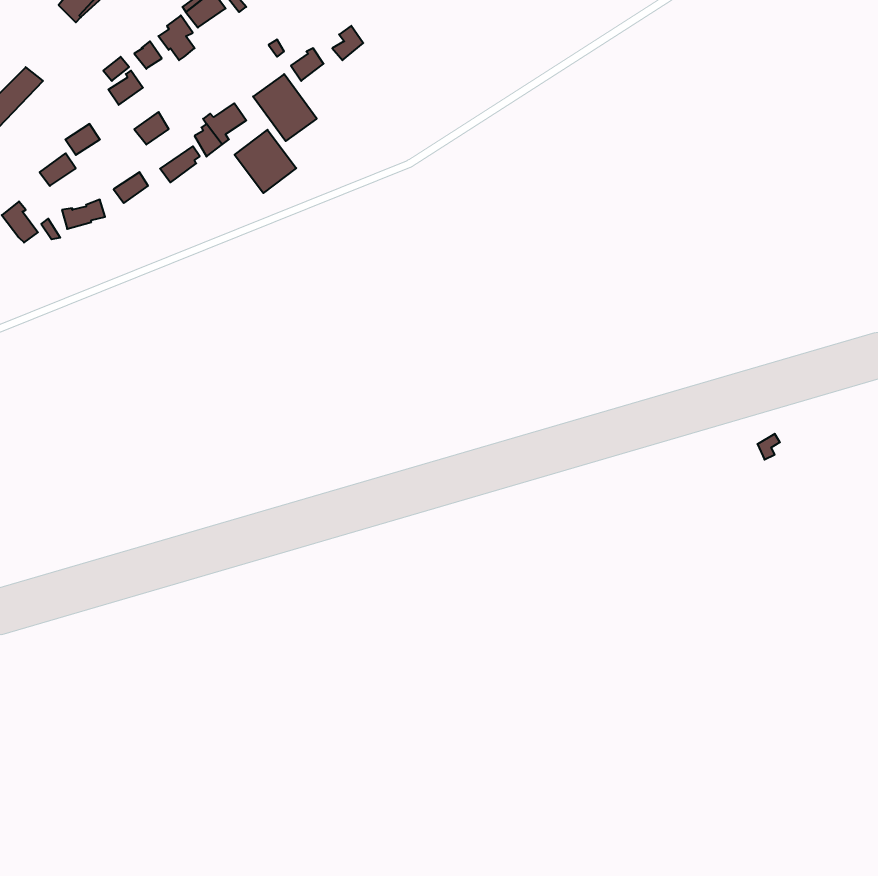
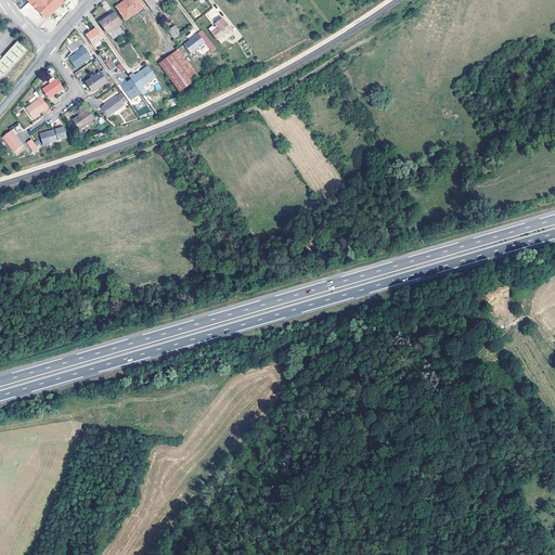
building: [235,130,296,193] -> none

